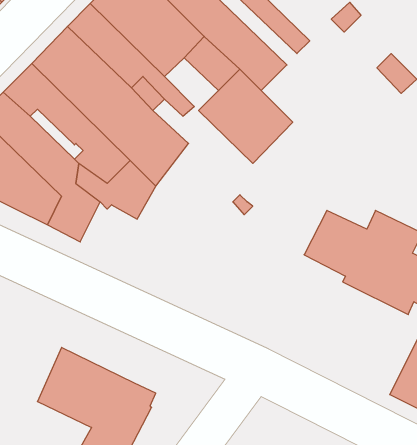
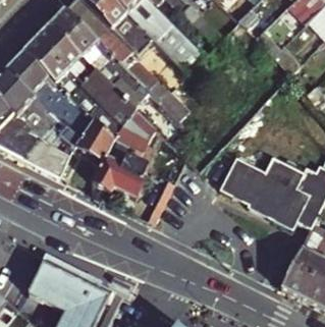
building: none -> [88,107,154,197]

